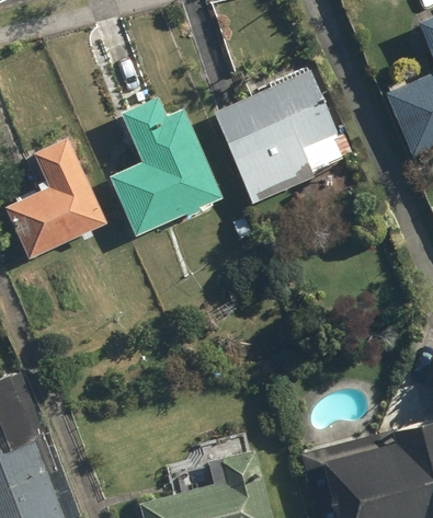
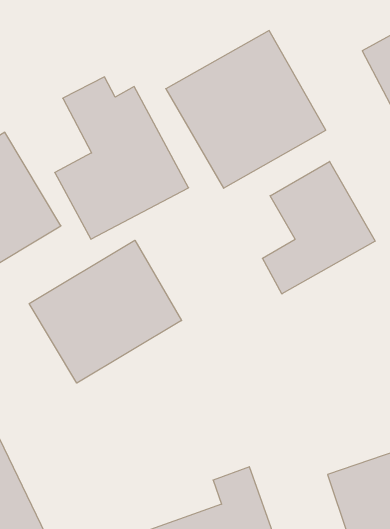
building: none -> [262,161,375,294]
building: none -> [29,240,182,383]

